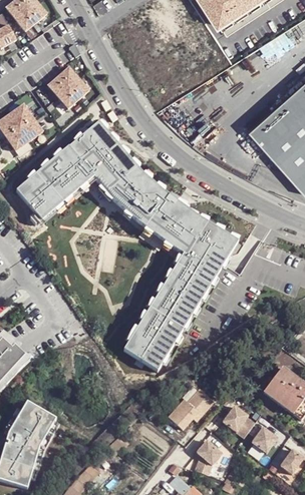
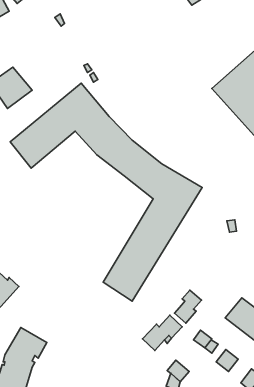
building: [47,67,88,108] -> none
building: none -> [174,290,202,323]

